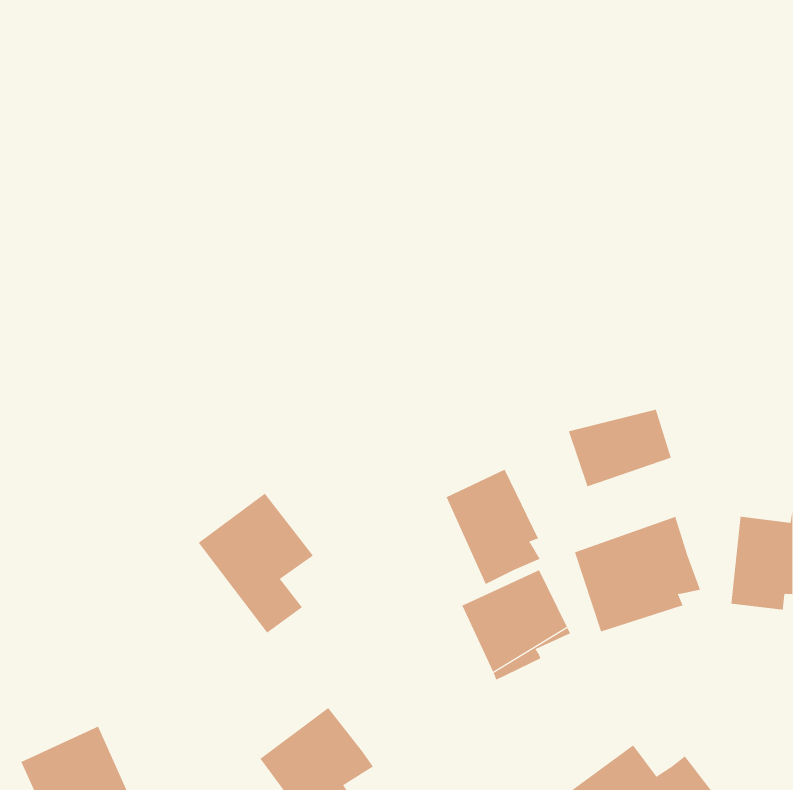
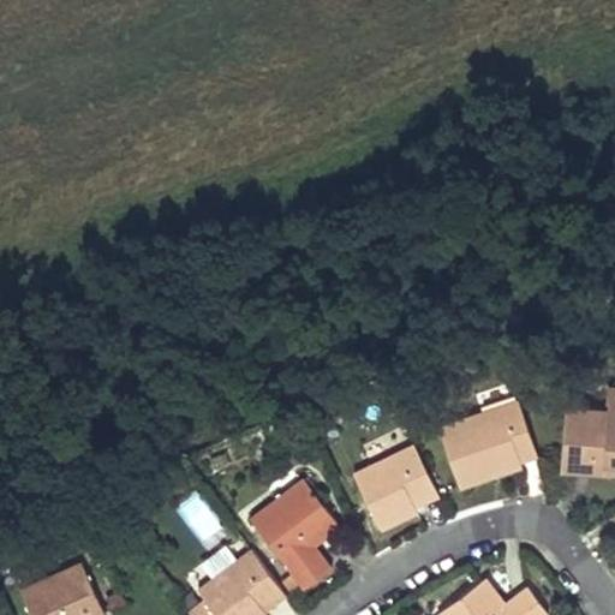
building: [568,409,672,487] -> none
building: [446,469,540,585] -> none
building: [198,493,314,634] -> [251,479,340,587]

